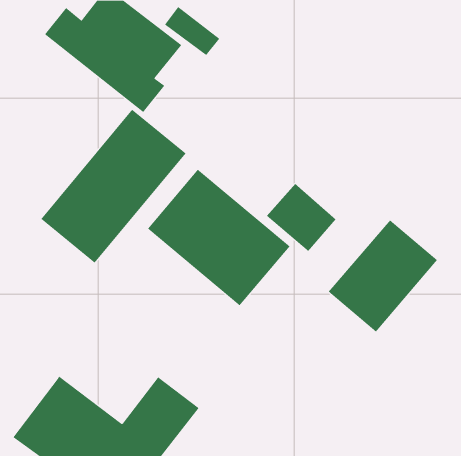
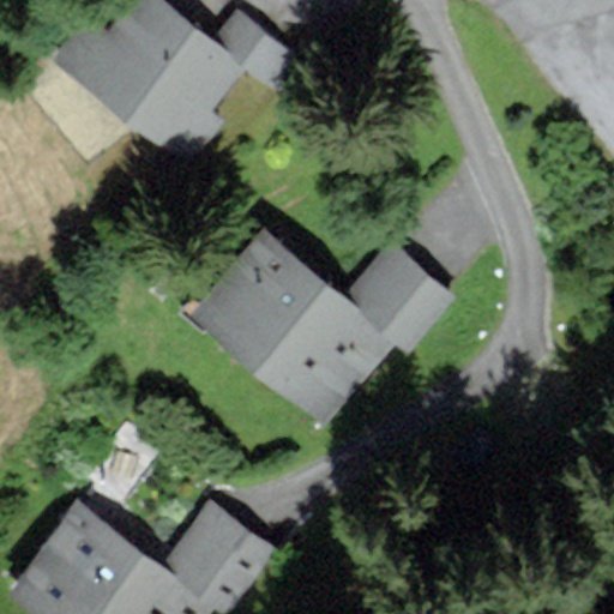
building: [40,109,187,263] -> none
building: [328,219,438,332] -> none

